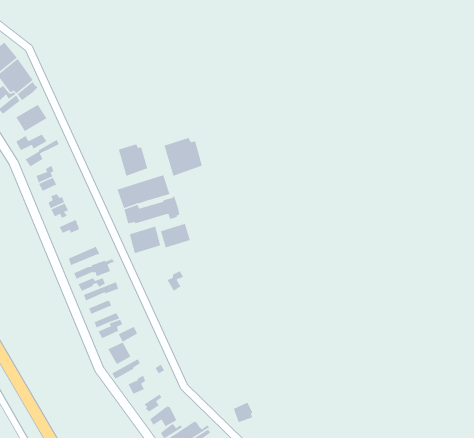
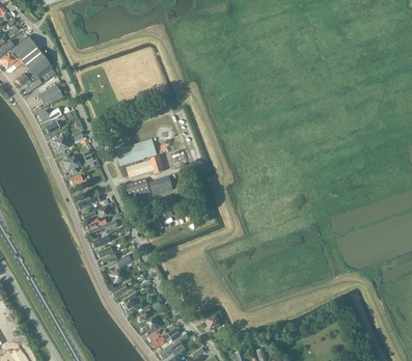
building: [164,137,204,177] -> none
building: [118,143,149,177] -> none

